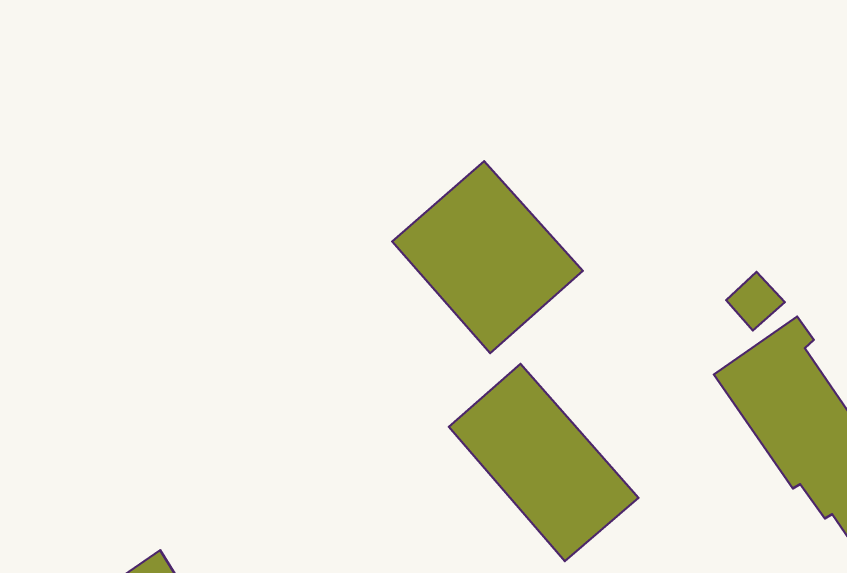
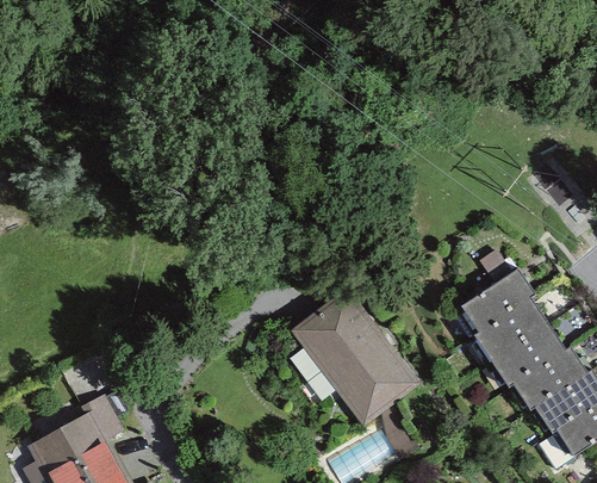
building: [392,161,583,353] -> none

